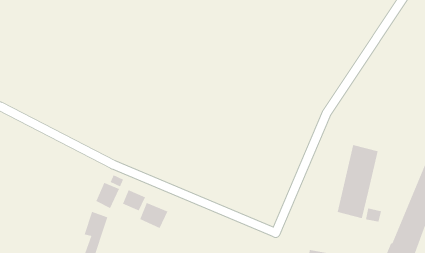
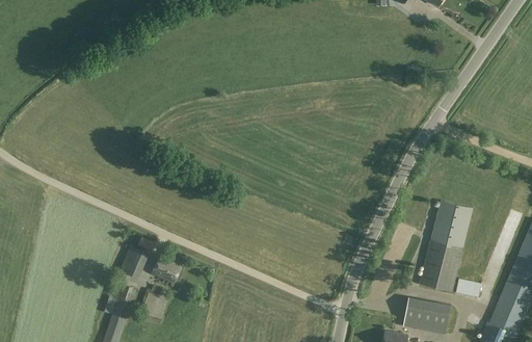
building: [140,202,168,229] -> none
building: none -> [404,298,451,332]

